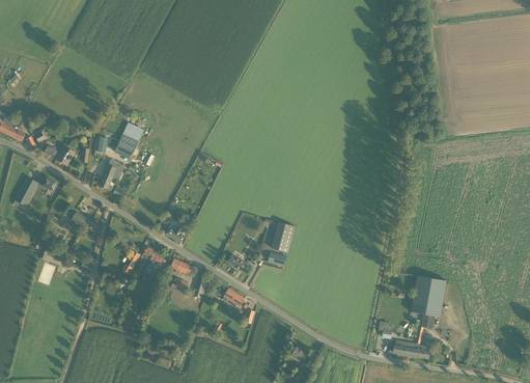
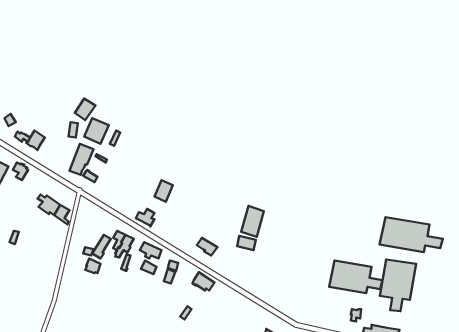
building: none -> [380,217,443,252]
building: none -> [329,261,382,293]

